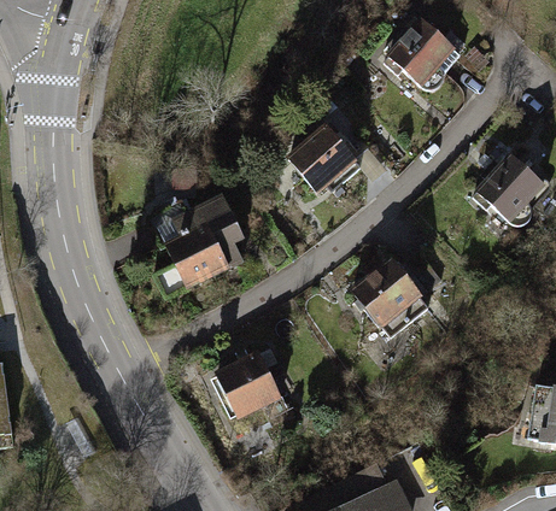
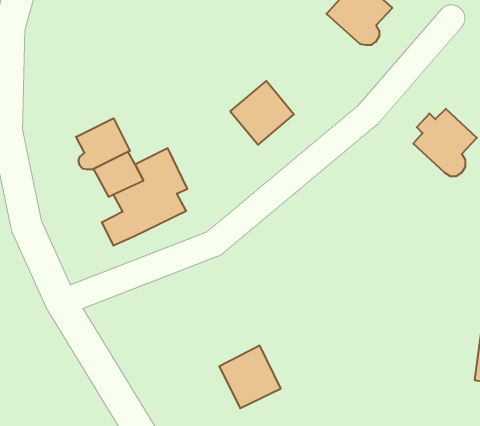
building: none -> [76,118,130,170]
building: [352,259,428,325] -> none
building: [216,351,280,416] -> [219,346,281,408]

